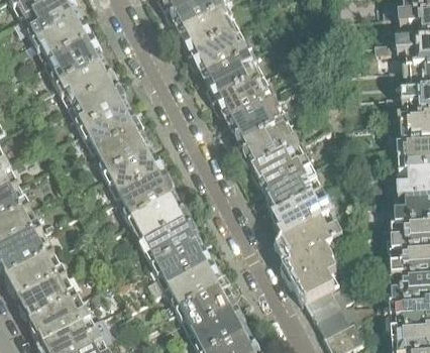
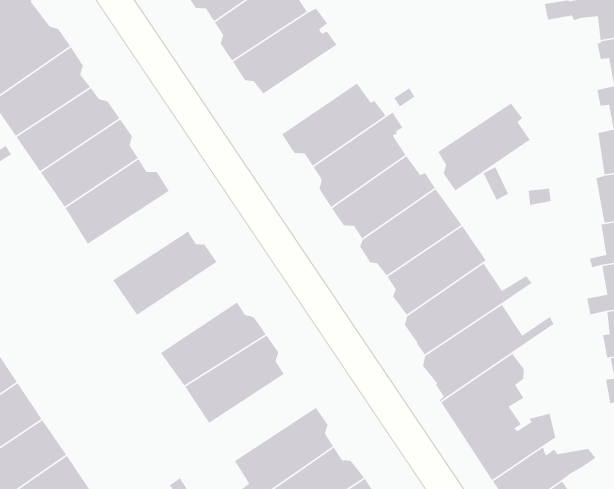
building: [203,51,258,100] -> [437,102,531,191]
building: [91,126,150,174] -> none
building: [115,170,175,220] -> none
building: [146,240,214,292] -> none

